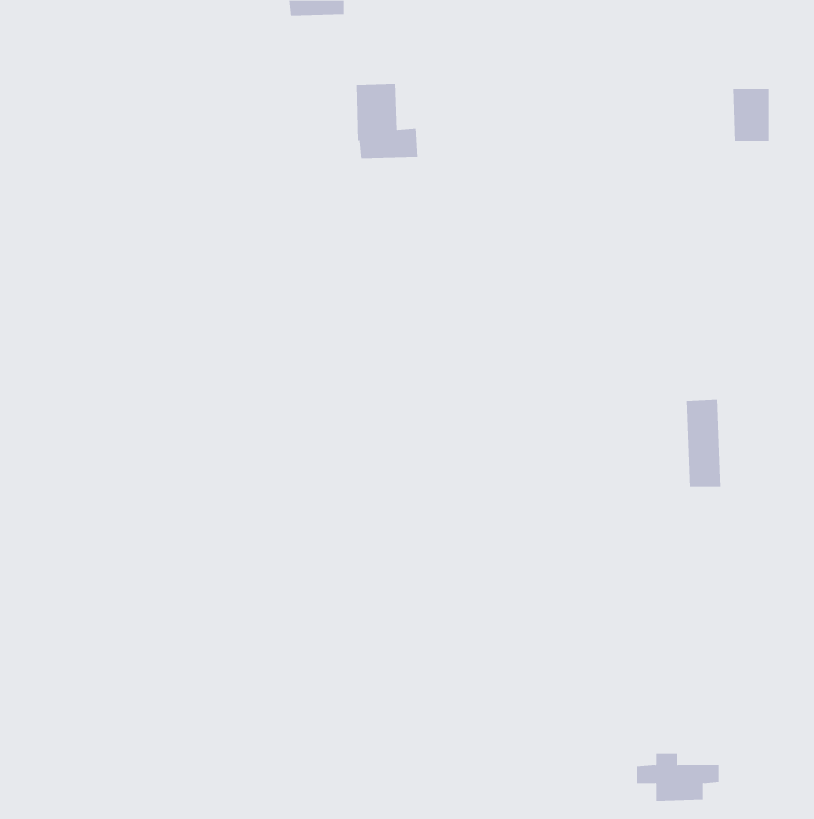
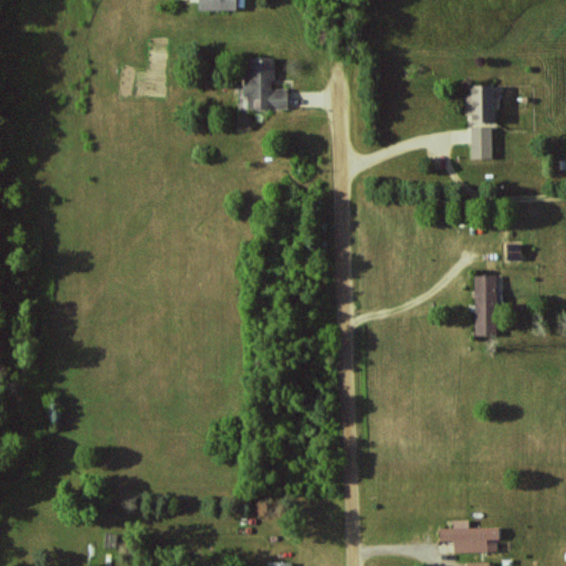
building: [733,89,769,141] -> [469,86,494,123]
building: none -> [470,127,492,159]

